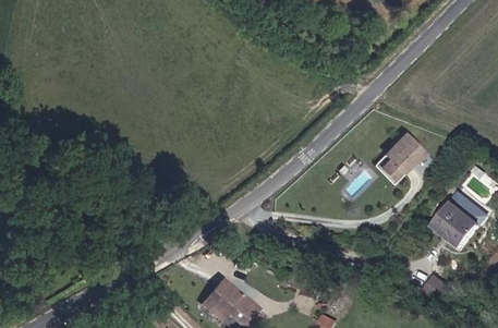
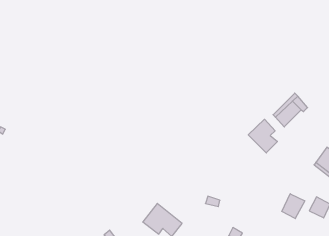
building: none -> [248,119,277,153]
building: none -> [282,194,305,219]

